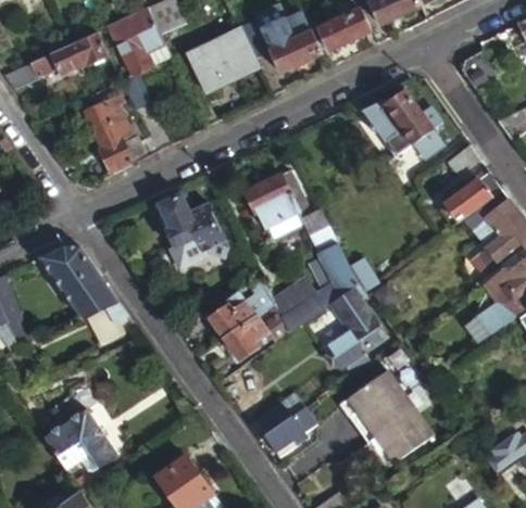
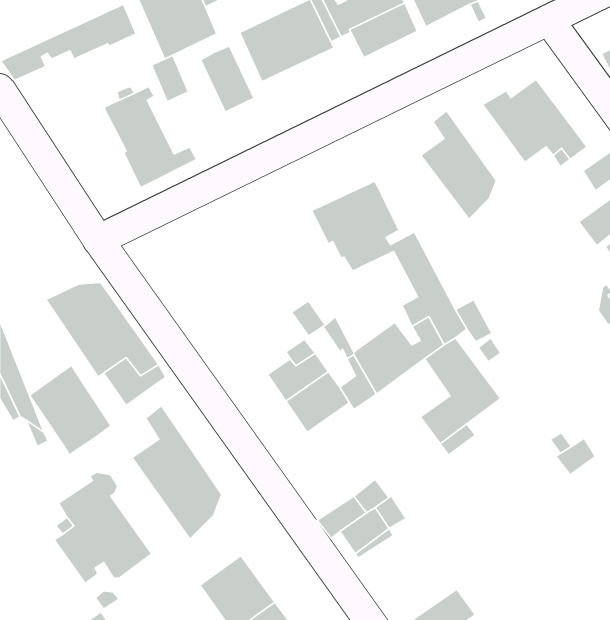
building: none -> [201,46,254,112]
building: none -> [421,111,497,219]
building: [153,192,226,261] -> none
building: none -> [29,365,111,456]
building: none -> [132,406,222,539]
building: [347,370,431,462] -> none

